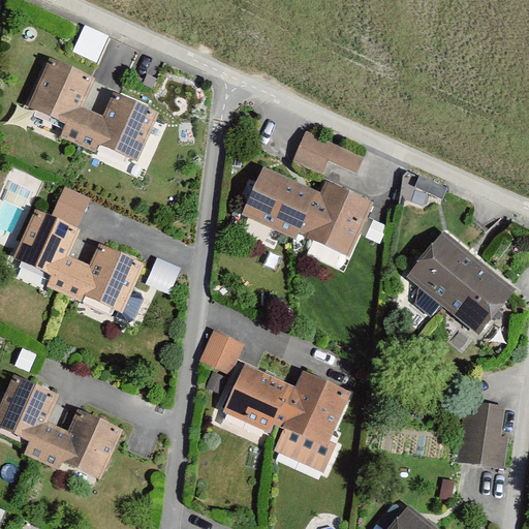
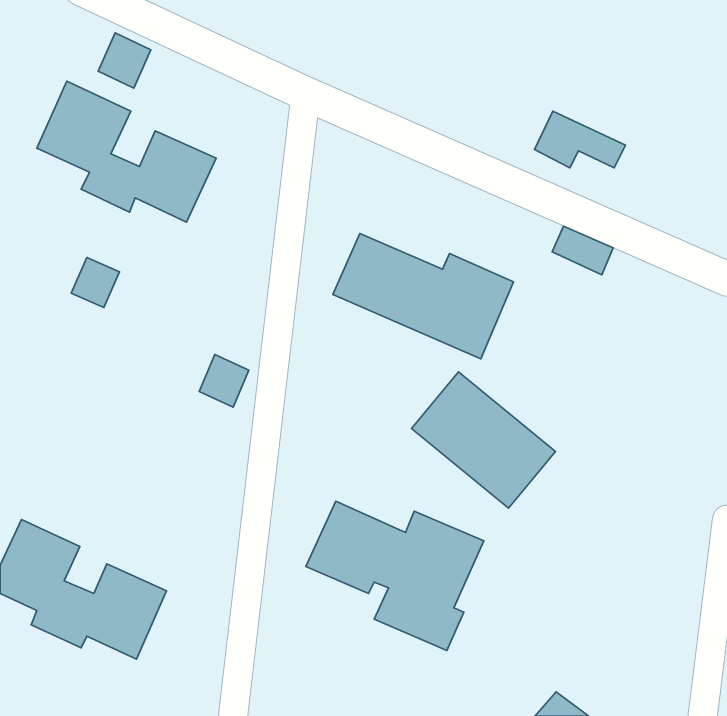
building: [295,127,362,168] -> [534,111,625,168]
building: [11,209,142,312] -> none
building: [408,234,512,333] -> [412,372,555,508]
building: [198,330,245,374] -> none
building: [458,399,508,467] -> none

